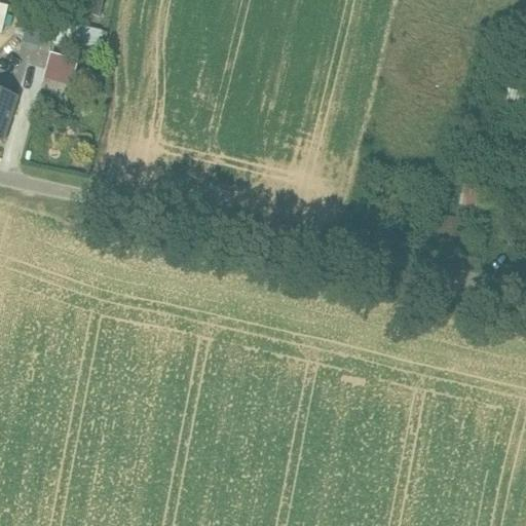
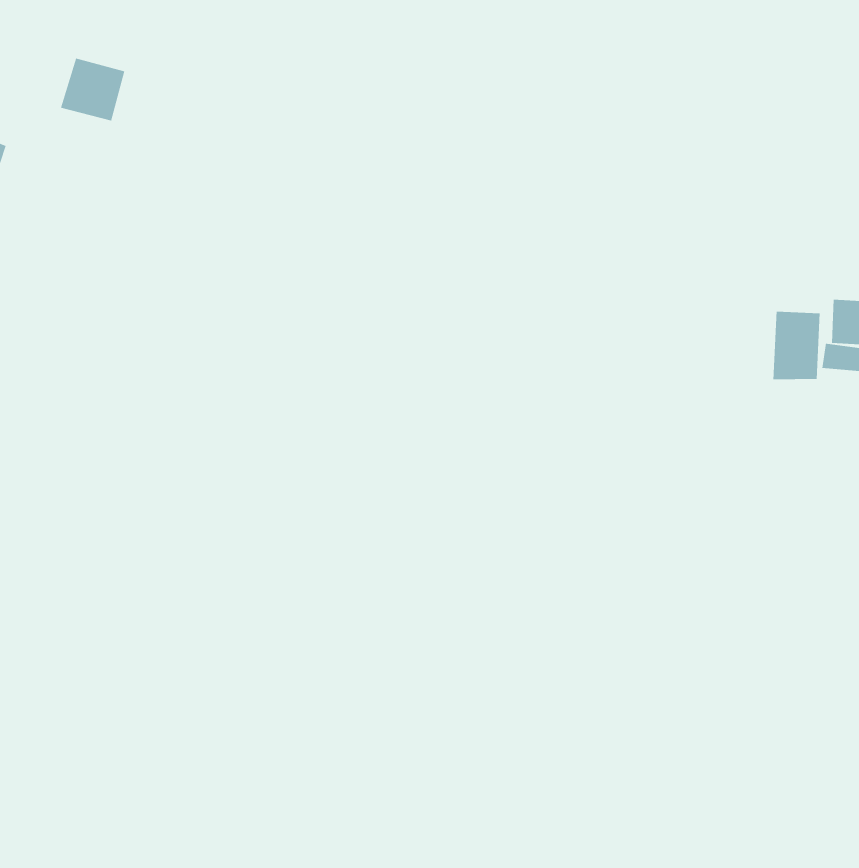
building: none -> [773,311,820,380]

